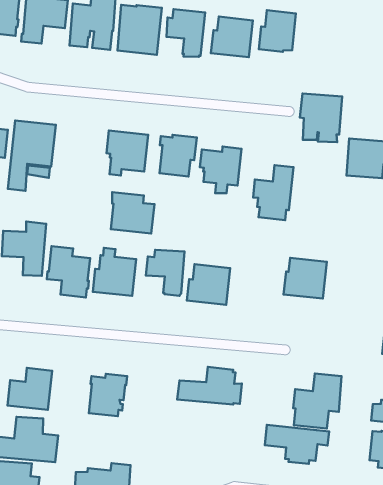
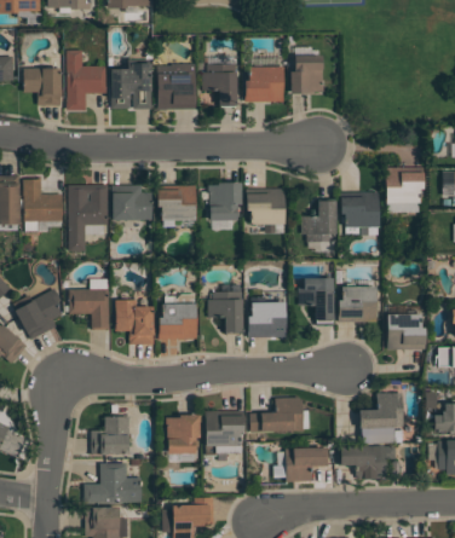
building: [300,93,342,142] -> [341,191,380,236]
building: [111,192,154,233] -> [111,185,152,220]
building: none -> [299,278,334,323]
building: none -> [388,314,426,349]
building: none -> [207,411,244,456]
building: none -> [273,447,329,481]

